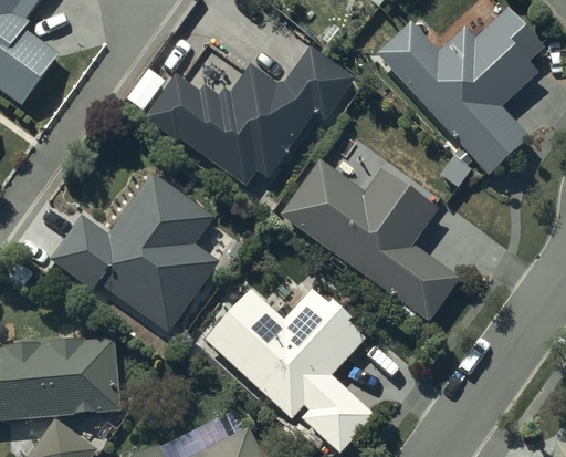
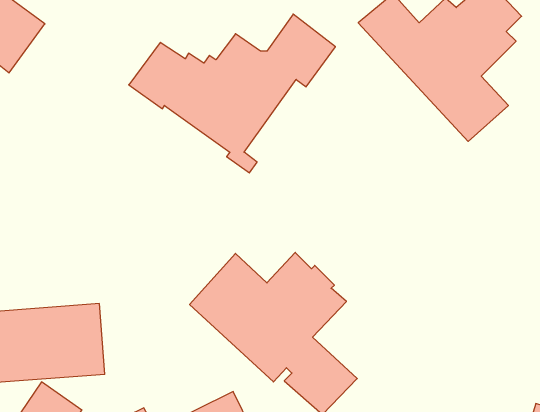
building: [281,160,460,320] -> none
building: [52,173,220,333] -> none

